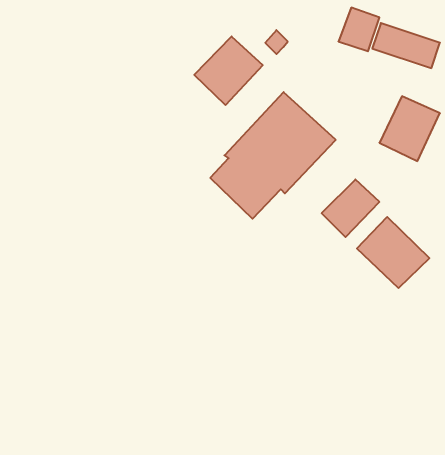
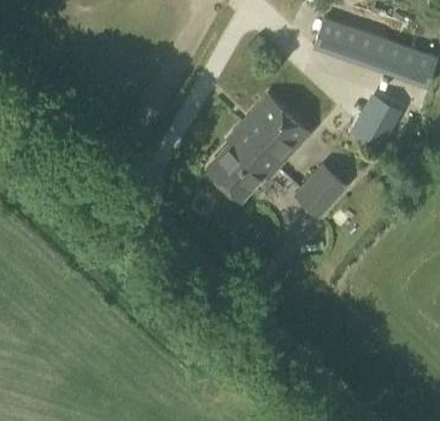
building: [194,36,263,105] -> none
building: [357,217,429,288] -> none

